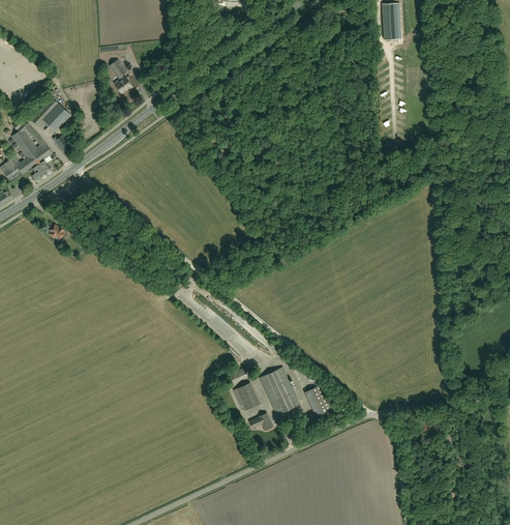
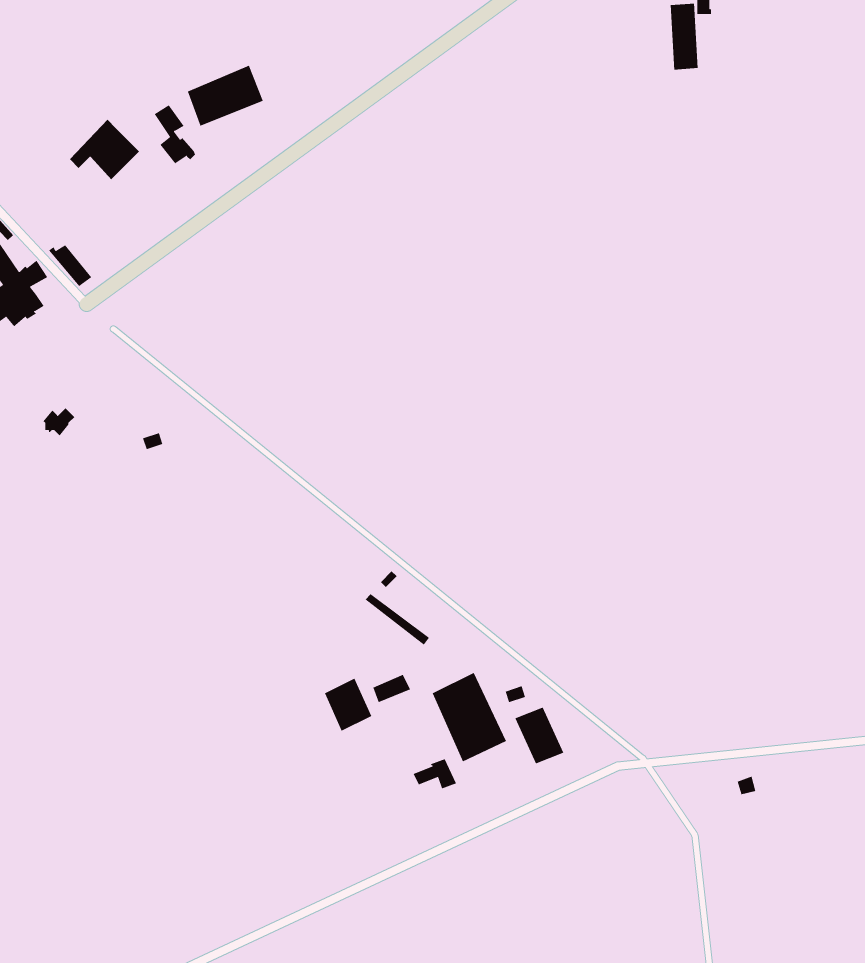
building: none -> [187,65,264,127]
building: [31,98,69,132] -> [69,119,140,180]
building: [233,382,259,411] -> [324,678,372,732]

